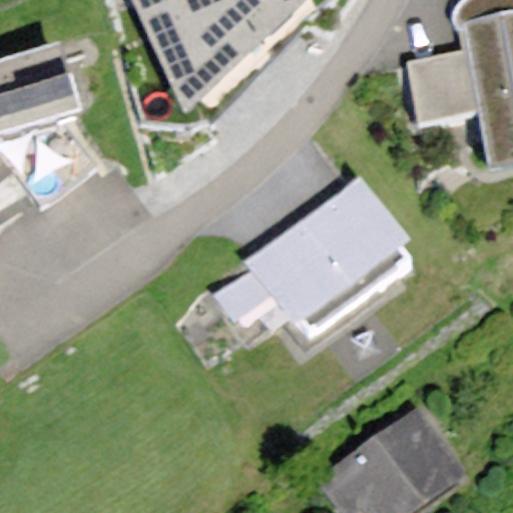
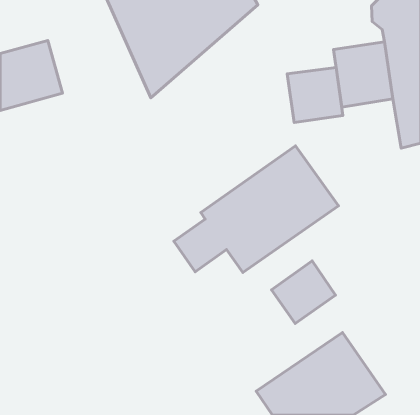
building: none -> [287,67,343,123]
building: none -> [271,261,335,324]

